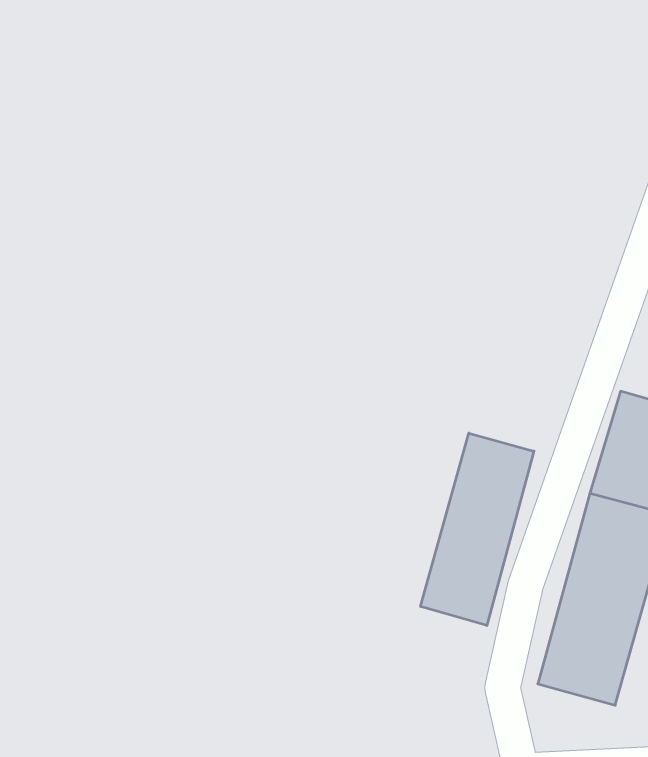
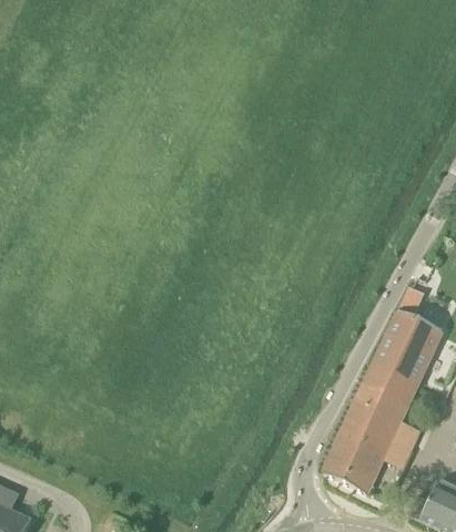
building: [421,433,534,626] -> none

